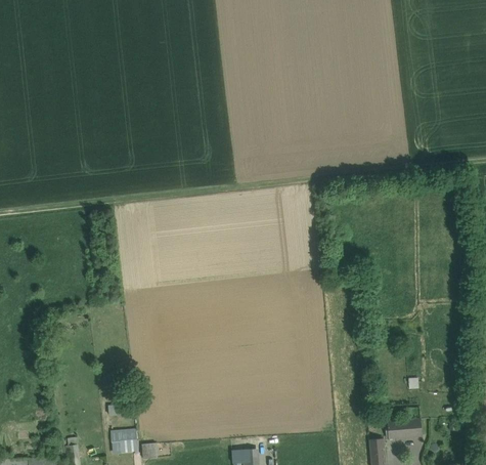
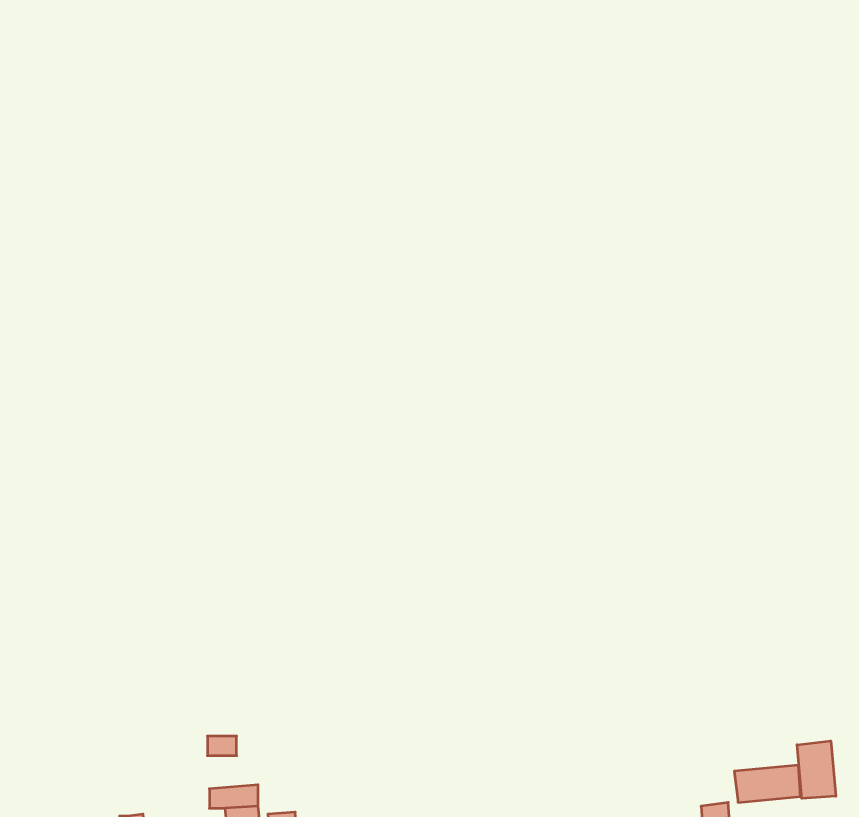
building: none -> [797,741,836,798]

